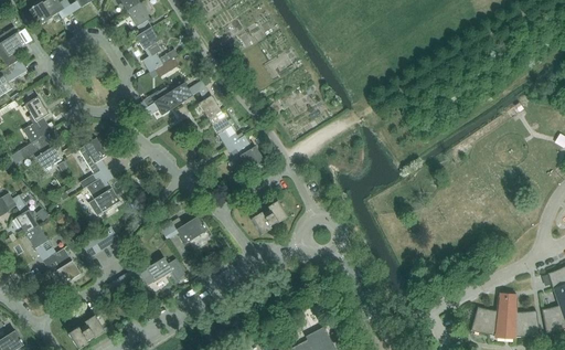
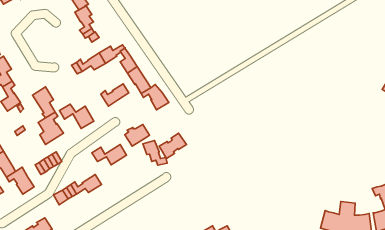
building: none -> [101,84,129,106]
building: none -> [59,104,94,129]
building: none -> [125,124,149,146]
building: none -> [143,140,167,165]

